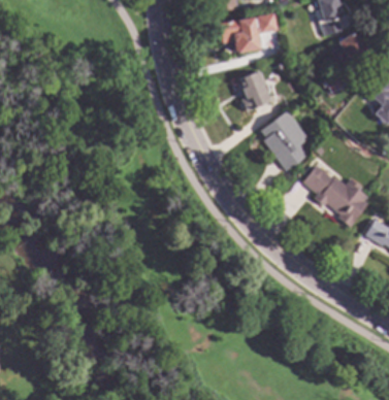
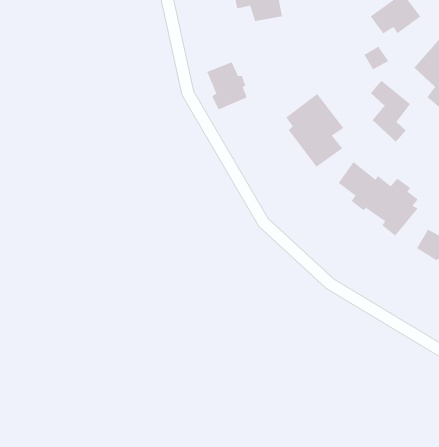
building: [238,71,271,110] -> [206,62,248,110]
building: none -> [370,80,411,142]

